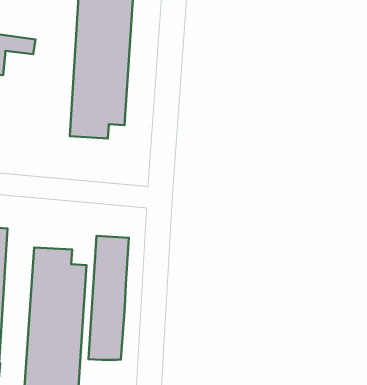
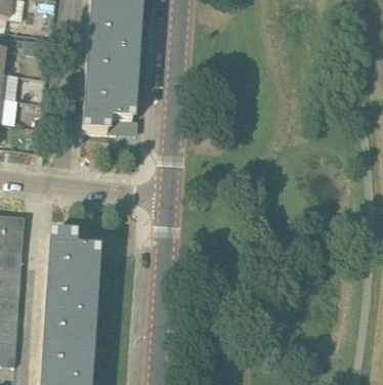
building: [88,236,129,360] -> none

